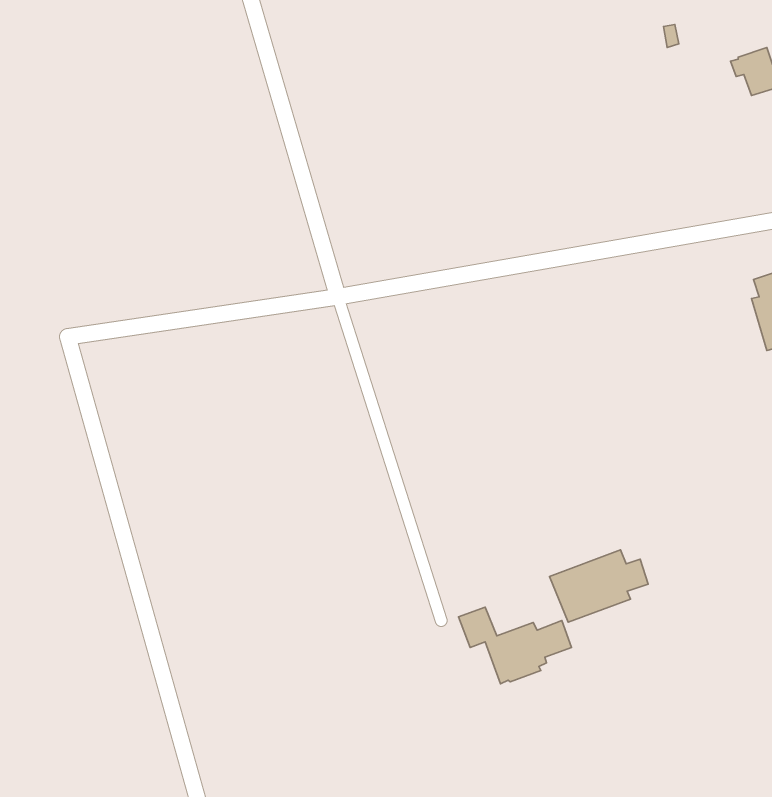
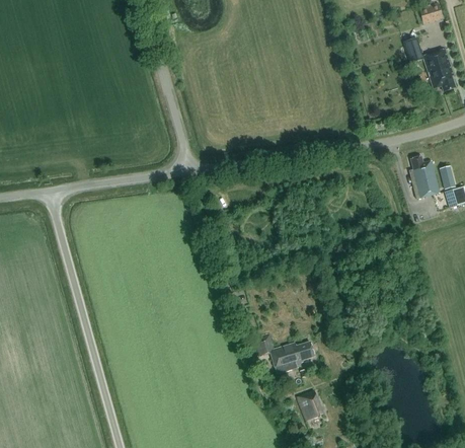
building: [549,550,648,622] -> none
building: none -> [296,390,322,421]

